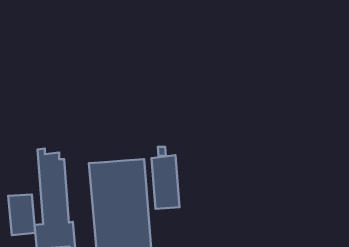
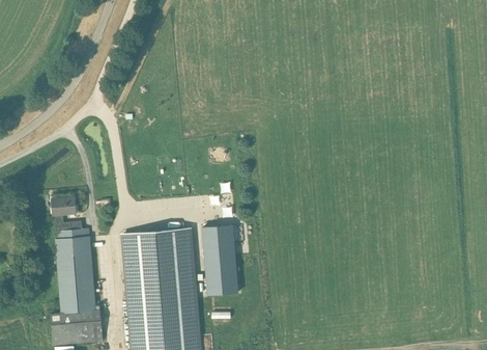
building: none -> [51,196,76,216]
building: [8,195,35,235] -> none

